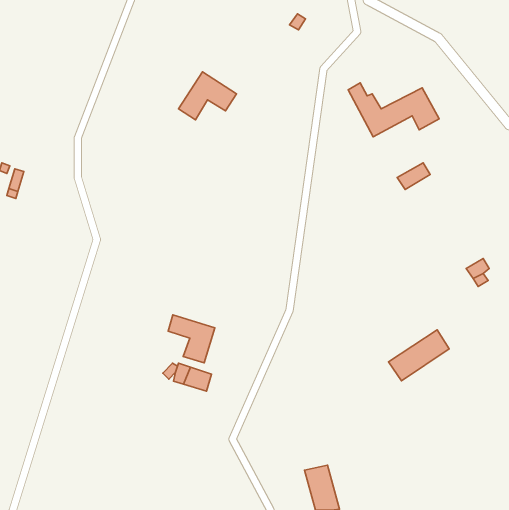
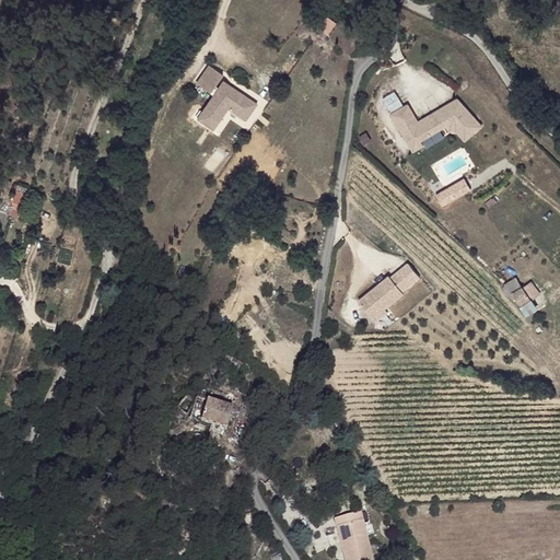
building: none -> [194,62,224,93]
building: [168,315,215,363] -> none
building: [388,330,449,381] -> [357,262,423,318]

